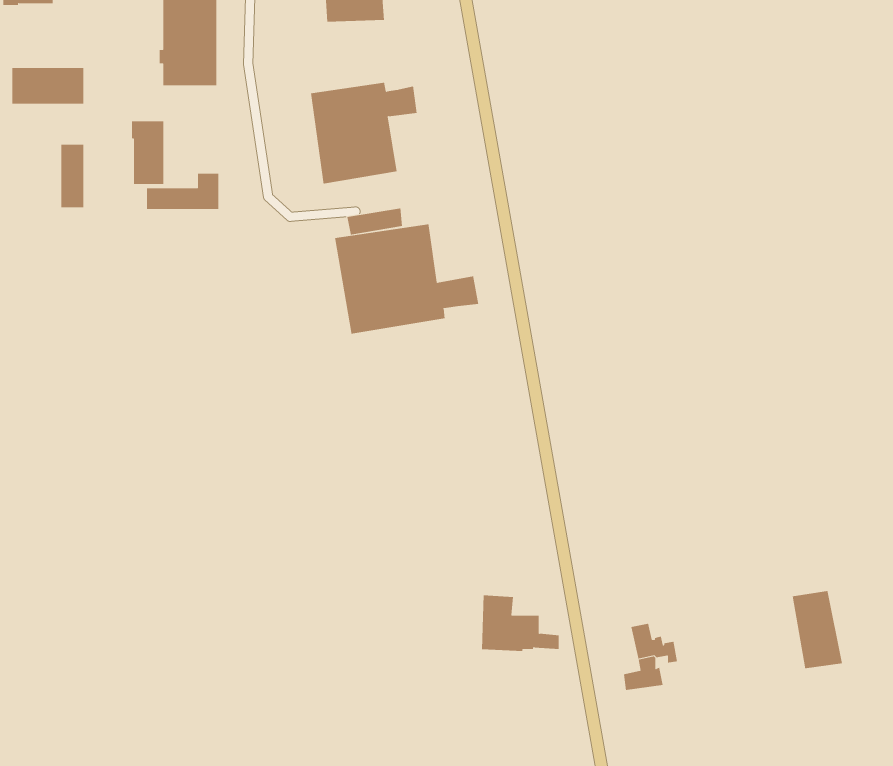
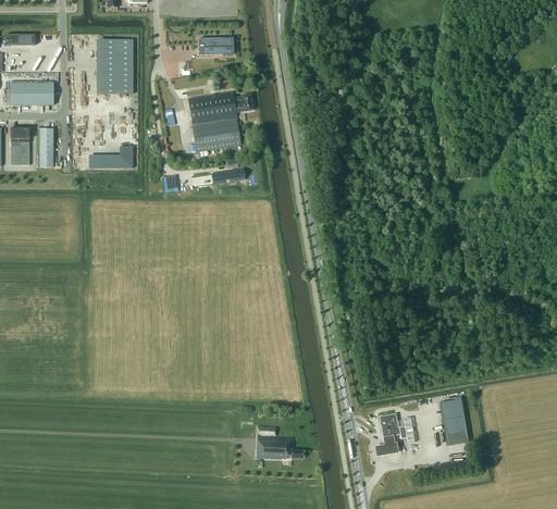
building: [131,121,164,184] -> [10,127,29,165]
building: [334,224,479,334] -> none
building: [792,591,843,669] -> [440,398,470,445]
building: [481,595,559,651] -> [257,425,304,459]

